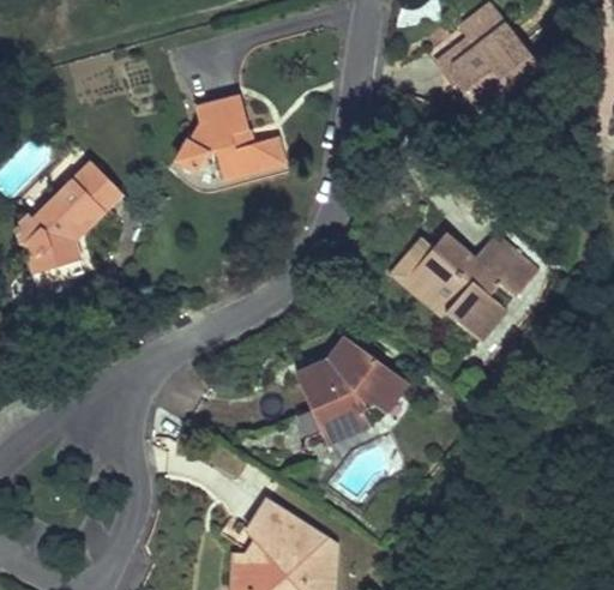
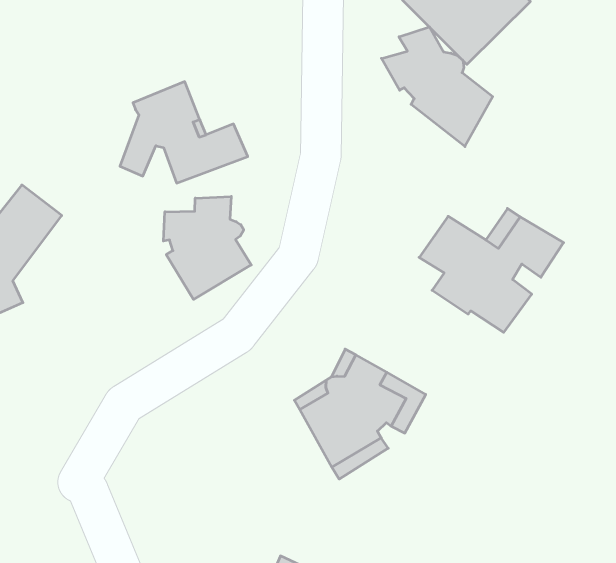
building: none -> [381,27,493,147]
building: none -> [163,196,251,299]
building: [391,240,451,324] -> none

